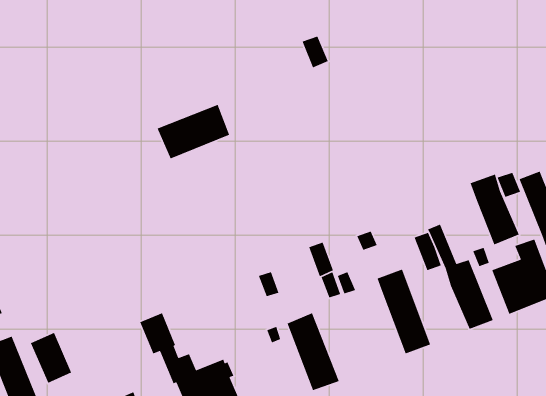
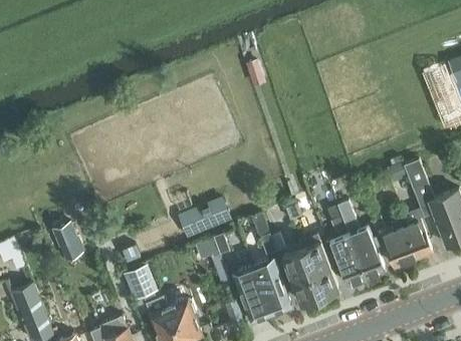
building: [157,104,230,160] -> [176,198,230,239]
building: [469,173,520,246] -> [330,233,368,286]
building: none -> [284,248,320,304]
building: none -> [252,258,291,316]
building: [30,332,72,384] -> [51,222,82,260]

